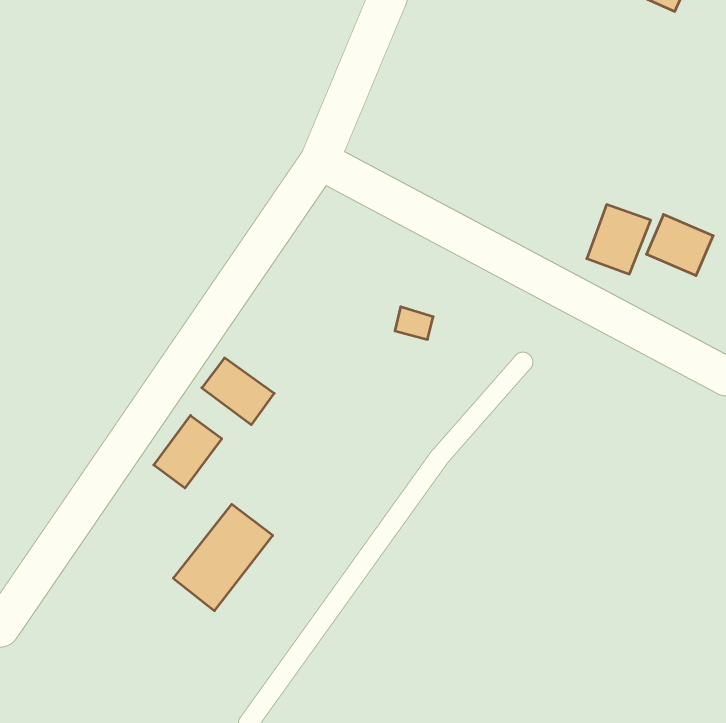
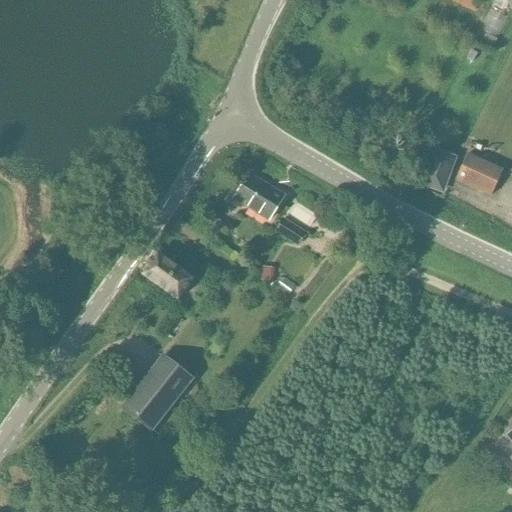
building: none -> [233,172,285,220]
building: [154,415,222,488] -> none

